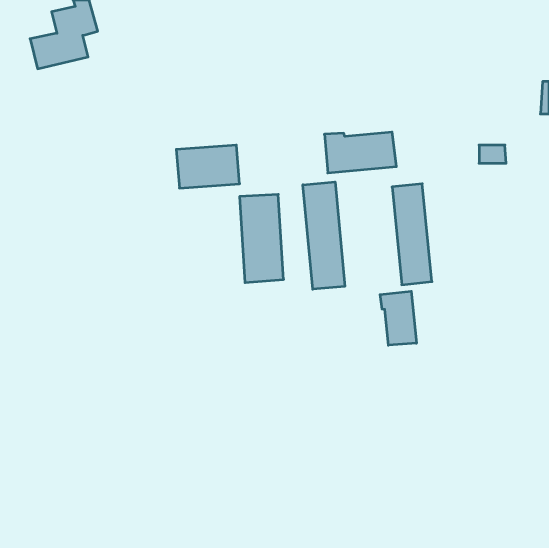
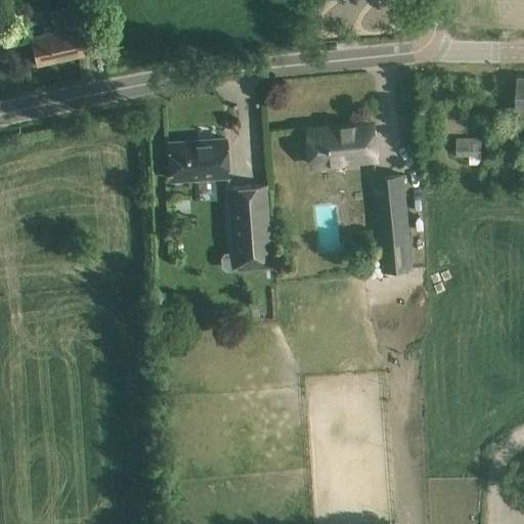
building: [303,182,345,289] -> none
building: [380,291,416,345] -> none

